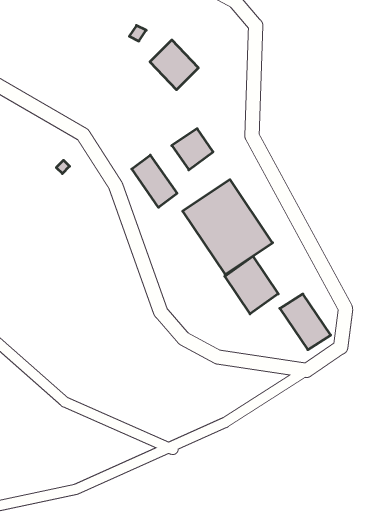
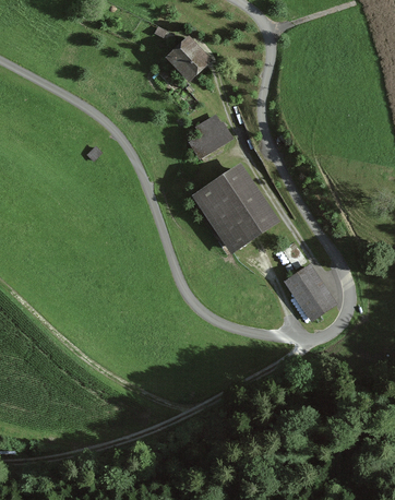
building: [132,155,177,207] -> none
building: [225,256,278,314] -> none

